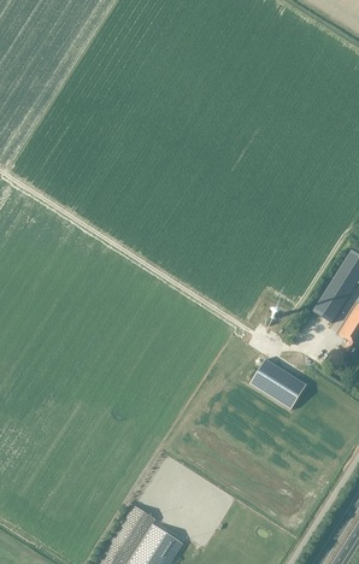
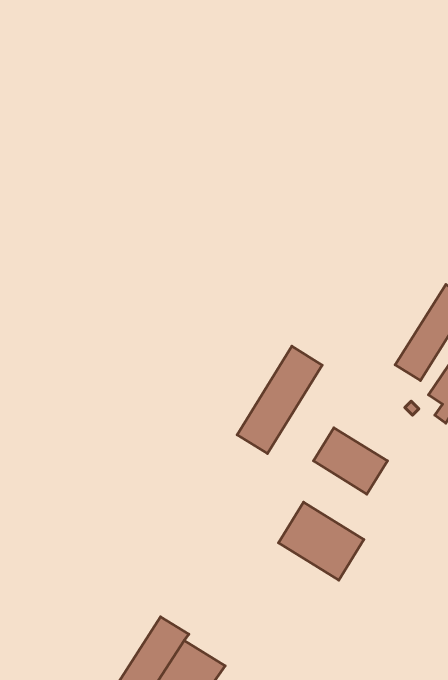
building: none -> [237,346,322,454]
building: none -> [279,502,364,580]

